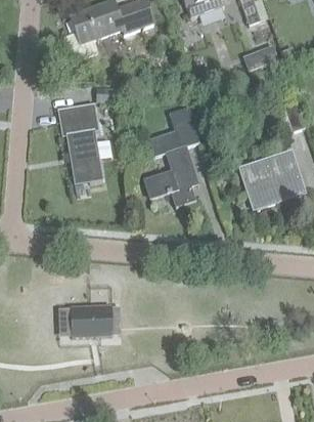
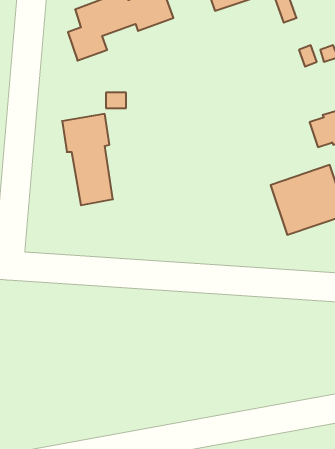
building: [145,103,197,206] -> none
building: [71,304,113,335] -> none

